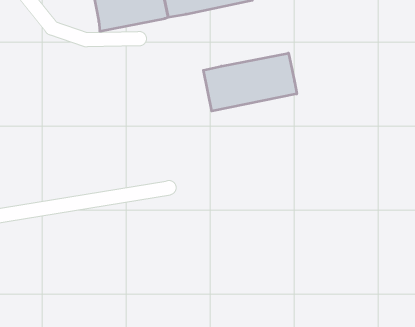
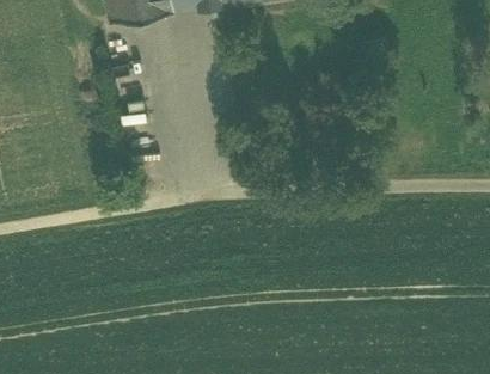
building: [203,53,297,111] -> none

